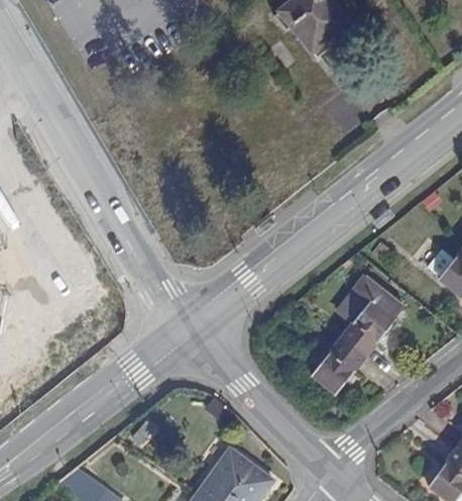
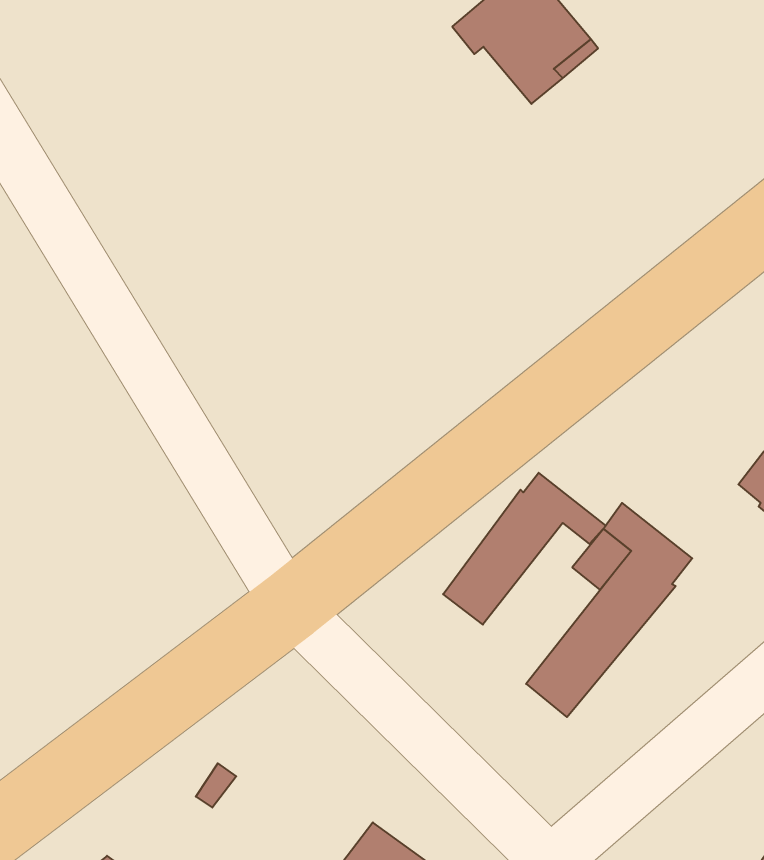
building: none -> [443,473,606,625]

